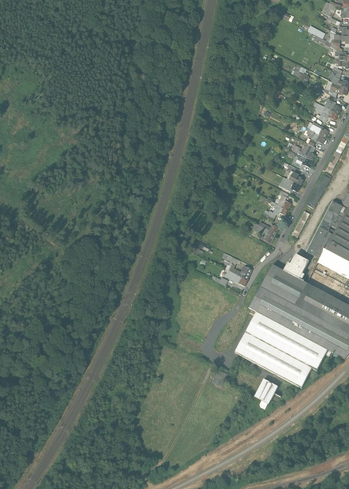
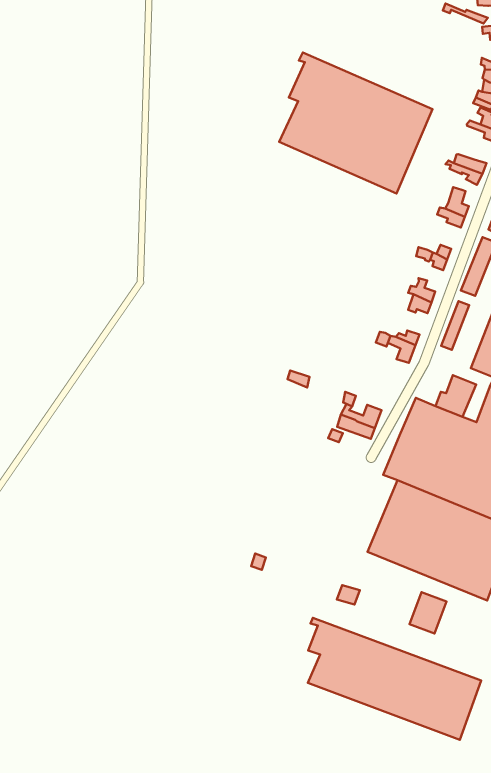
building: none -> [279,52,433,193]
building: none -> [308,618,481,740]

